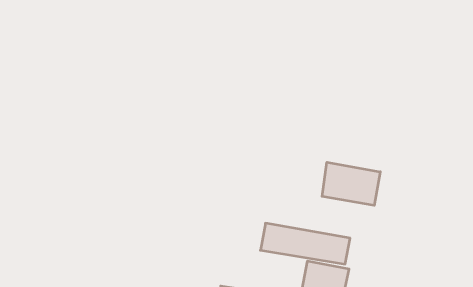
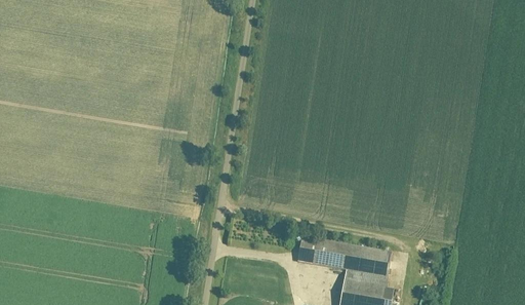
building: [322,162,380,205] -> none

